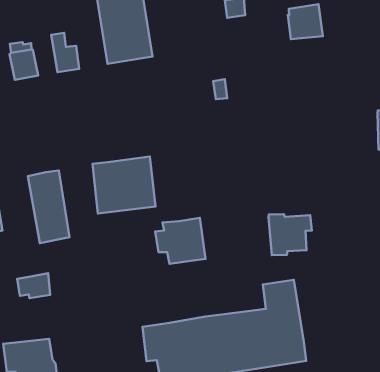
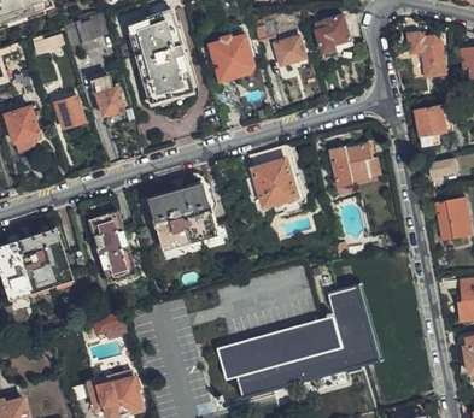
building: none -> [210,36,253,81]
building: none -> [274,37,305,65]
building: [268,214,312,255] -> [329,145,373,188]
building: [155,218,205,264] -> [246,159,298,207]

